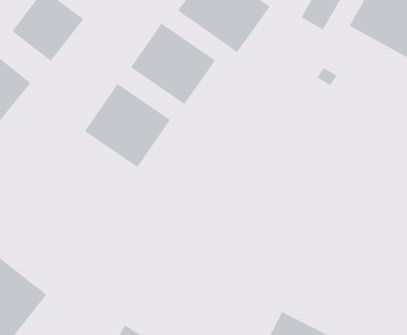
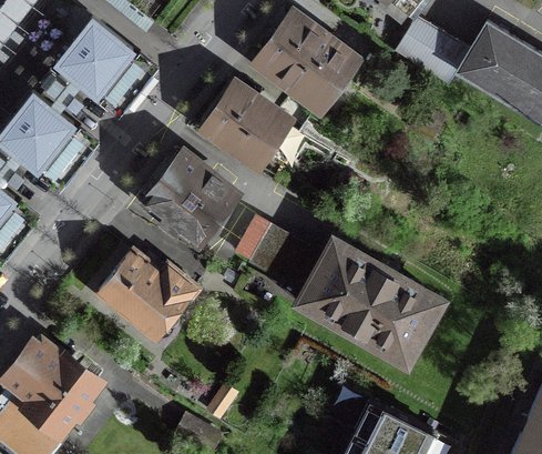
building: none -> [233,228,444,363]
building: none -> [89,241,200,346]

